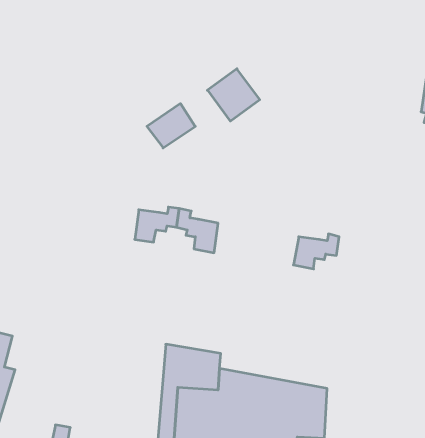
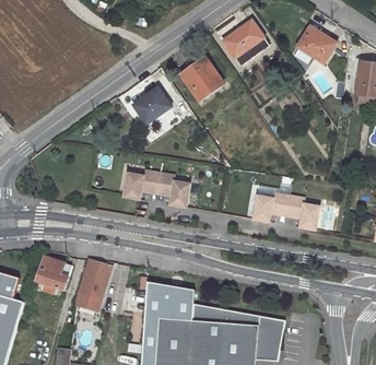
building: none -> [224,20,269,66]
building: none -> [296,25,336,62]
building: none -> [286,195,318,229]
building: none -> [35,256,71,293]
building: none -> [77,259,109,310]

